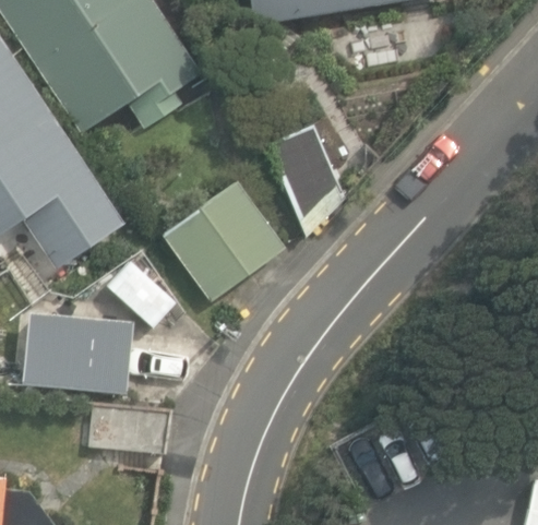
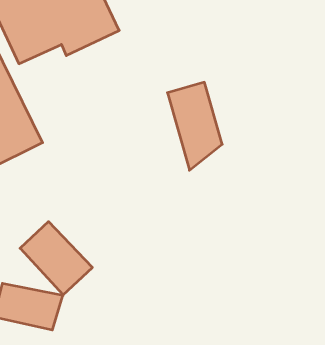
building: [164,179,286,300] -> none

